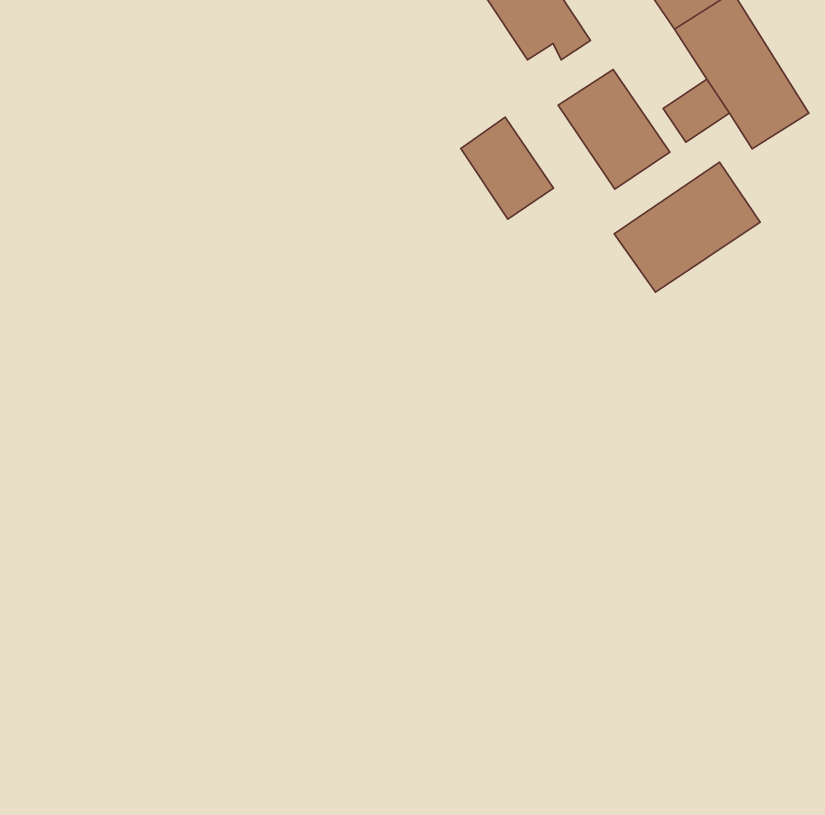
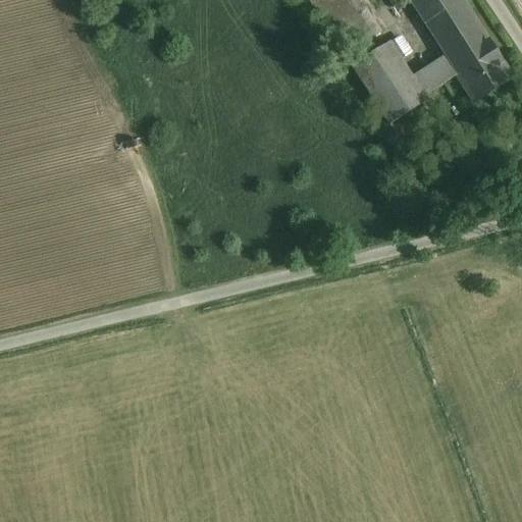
building: [461,117,553,219] -> none
building: [614,162,760,292] -> none

